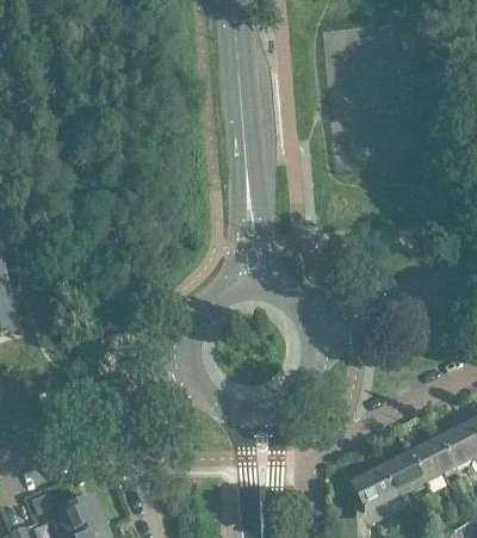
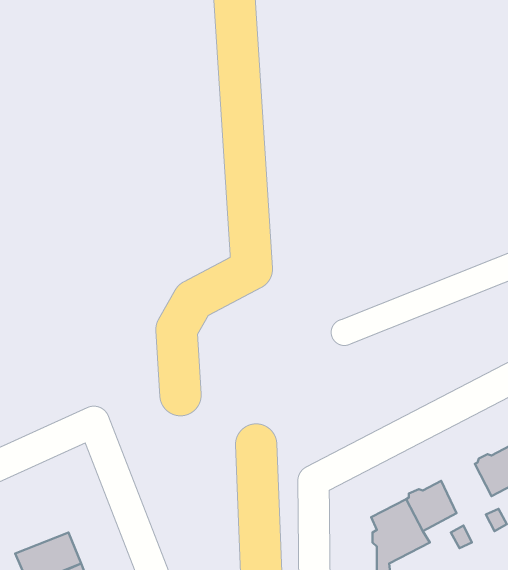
building: [411,438,454,480] -> none

